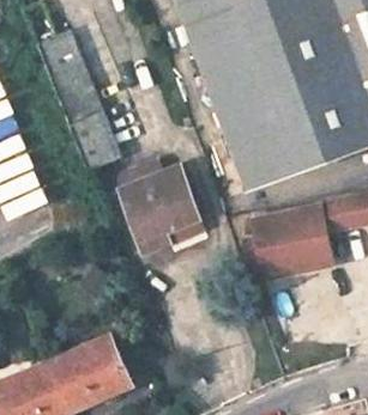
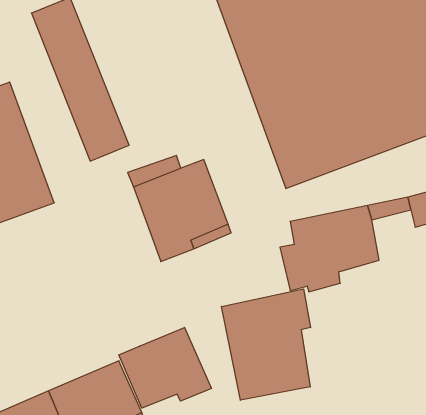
building: none -> [221,289,311,400]
building: none -> [119,327,211,408]

